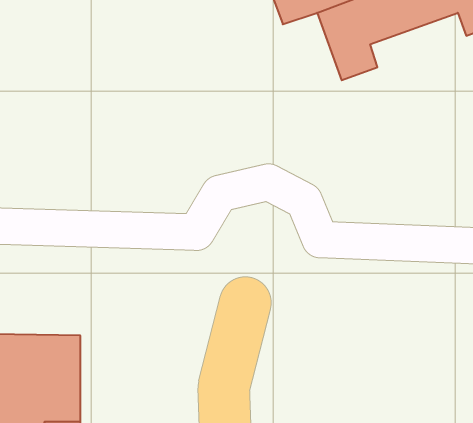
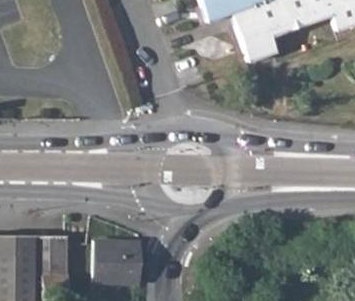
building: none -> [94,239,142,283]

